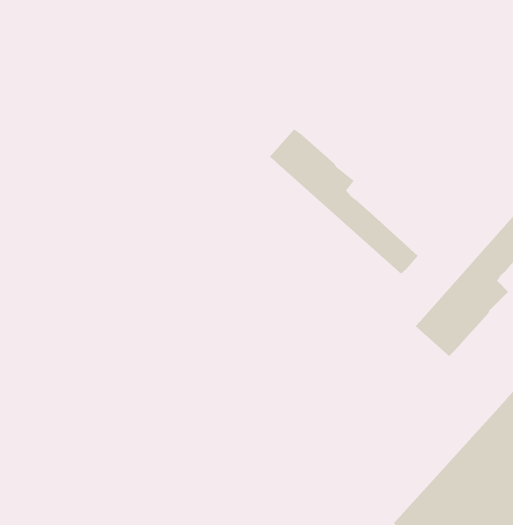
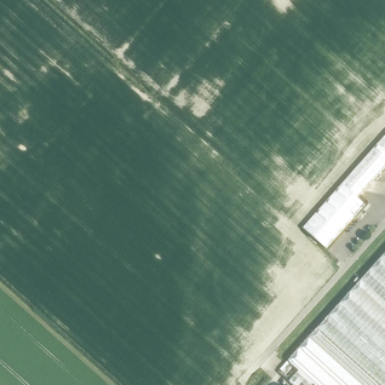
building: [269,128,419,274] -> none

